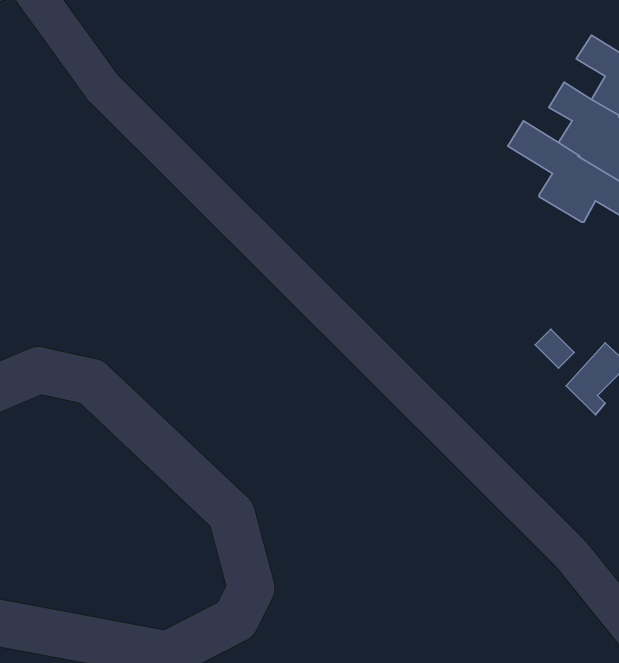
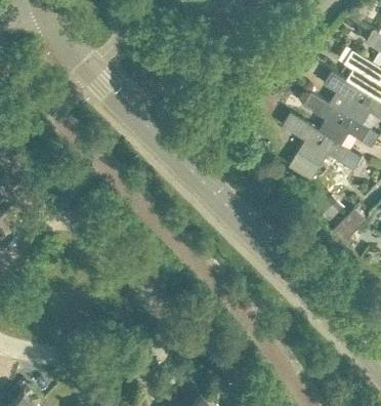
building: none -> [281,115,348,182]

